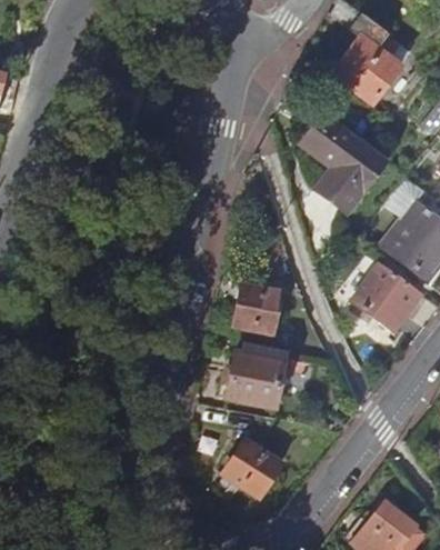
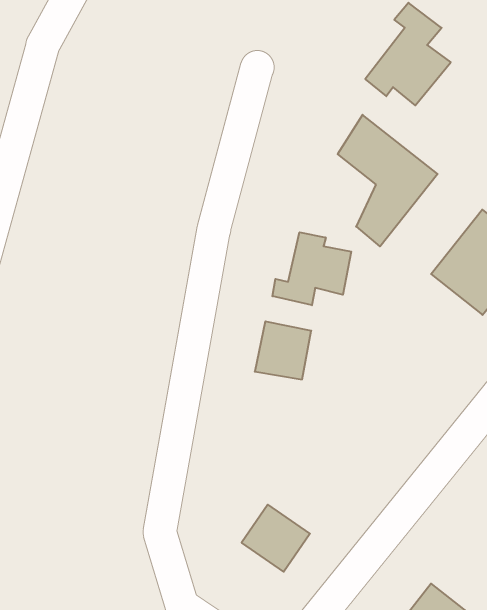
building: none -> [272,232,351,305]
building: [351,262,420,330] -> none
building: [223,348,282,413] -> none

